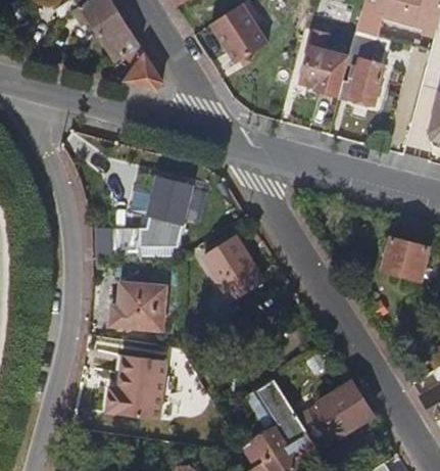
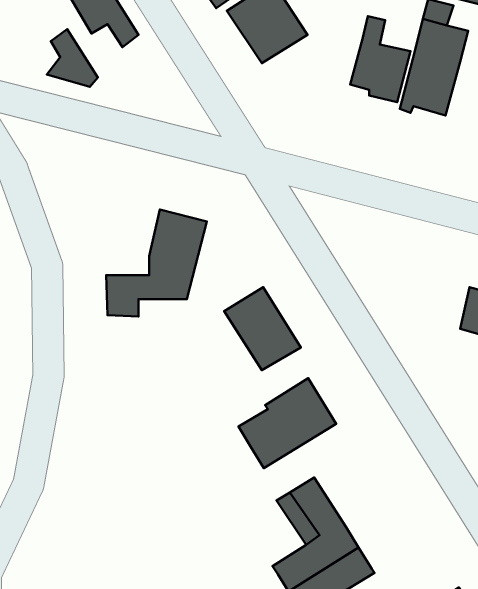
building: [125,44,163,88] -> [47,29,98,87]
building: [110,282,167,328] -> none
building: [105,354,166,421] -> none
building: [298,382,373,451] -> [238,378,336,468]

